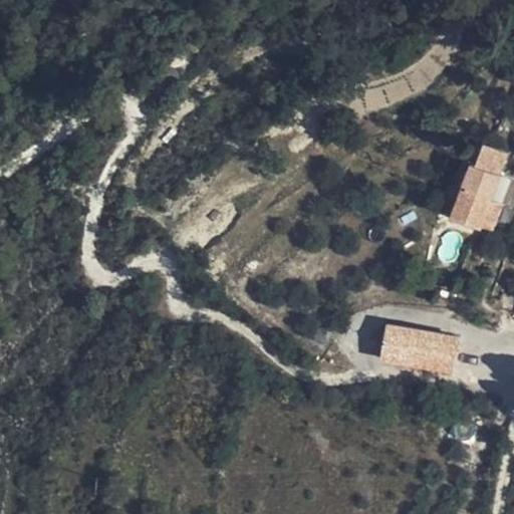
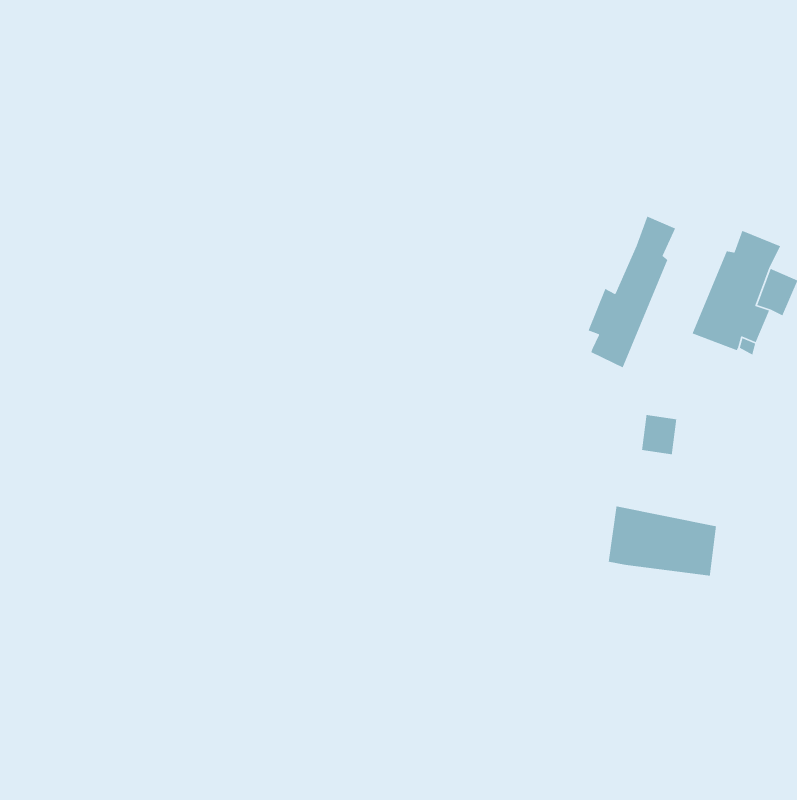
building: none -> [587,215,676,368]

